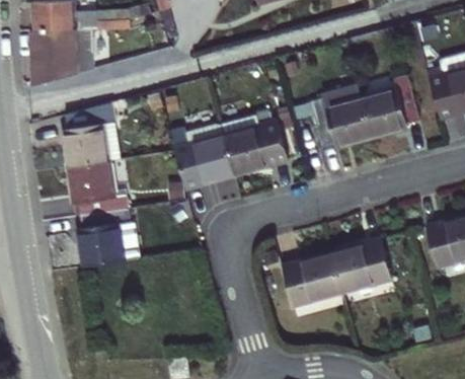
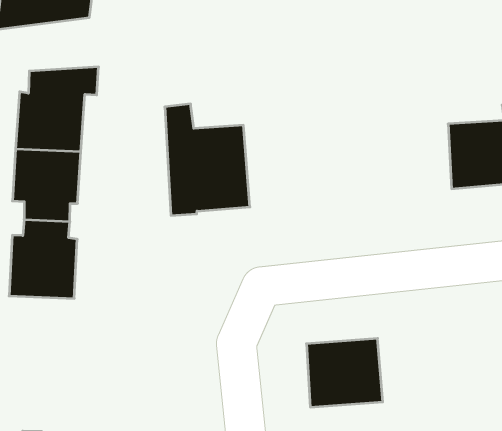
building: [304,97,365,151] -> none
building: [216,111,285,177] -> none
building: [332,239,392,294] -> none

